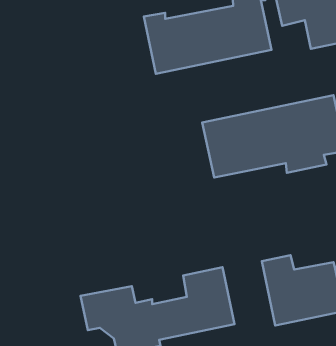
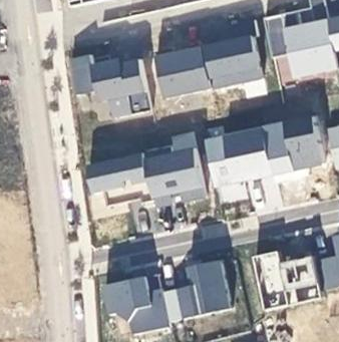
building: none -> [70,53,151,117]
building: none -> [87,145,205,206]

